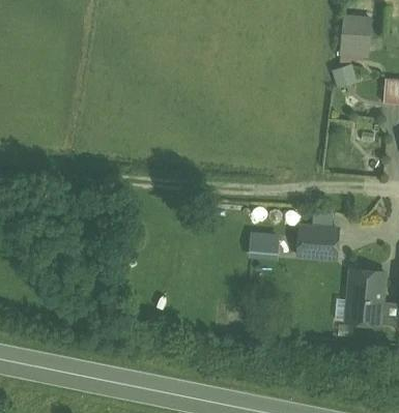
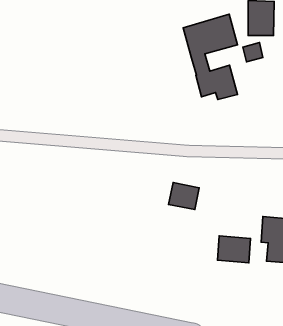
building: none -> [183,14,237,99]
building: [300,226,339,258] -> [217,236,251,263]

